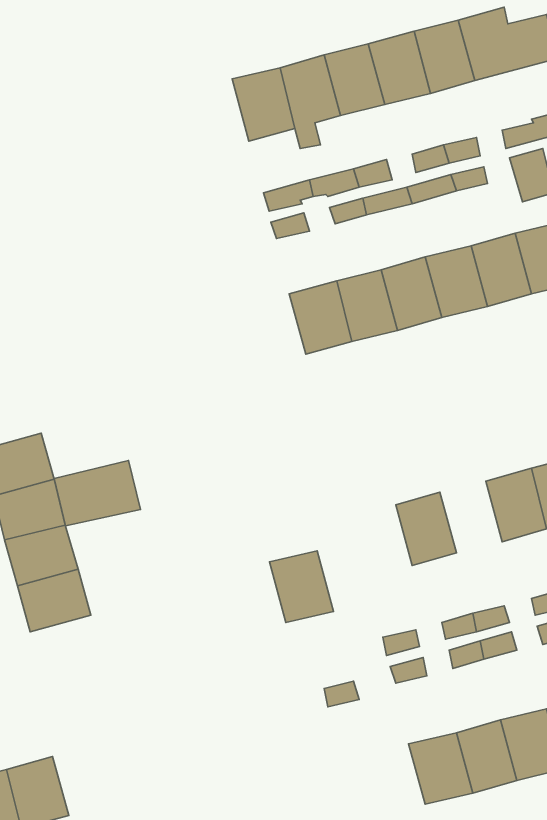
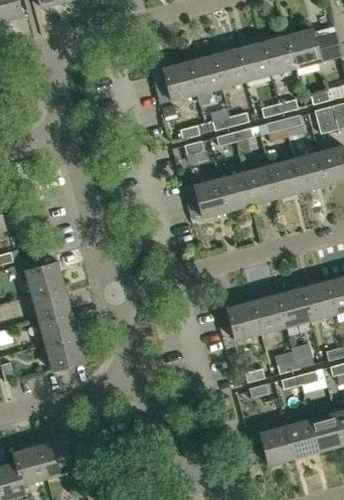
building: [54,460,141,526] -> none
building: none -> [277,288,311,327]
building: [269,551,334,623] -> [226,301,262,340]

